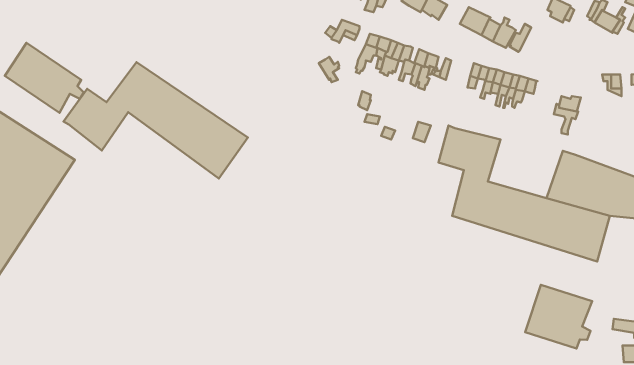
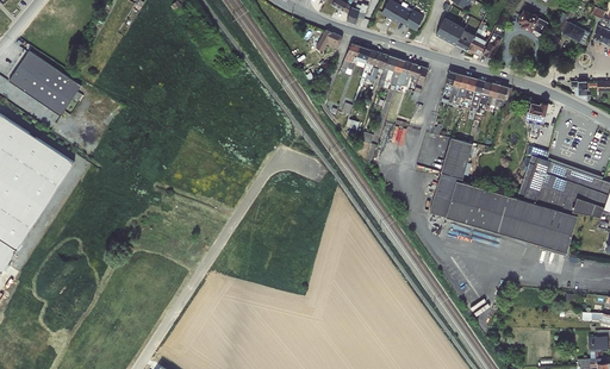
building: [64,62,248,178] -> none
building: [525,285,592,348] -> none

